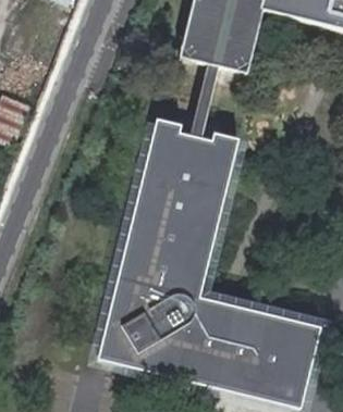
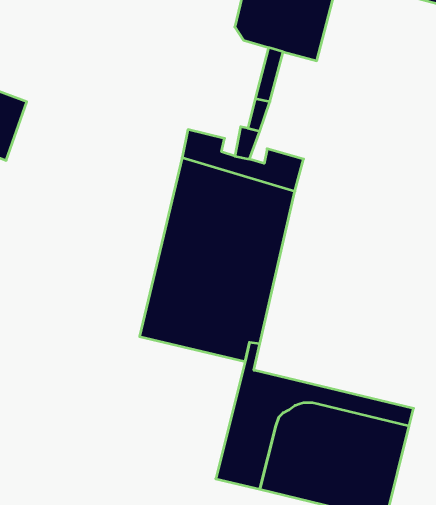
building: [97,273,195,378] -> none

